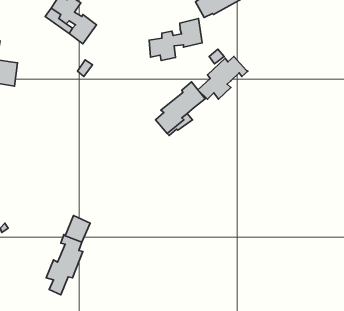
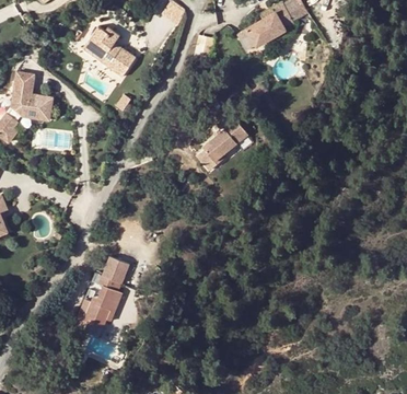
building: [149,19,202,60] -> none
building: [198,57,248,99] -> none

